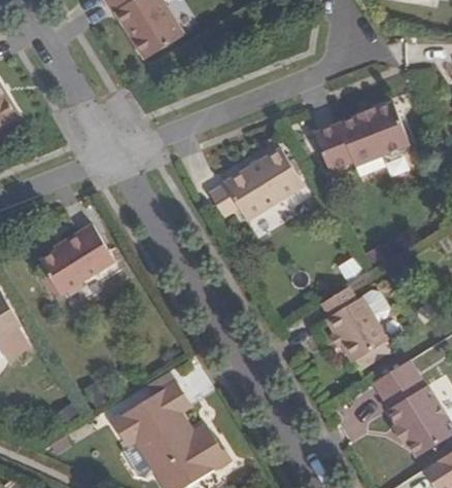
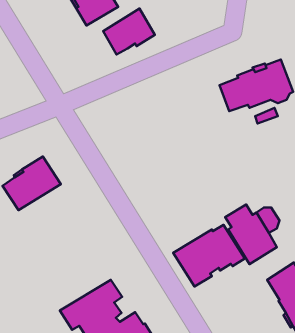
building: none -> [103,9,155,55]
building: [210,147,304,218] -> none
building: none -> [173,225,245,287]

